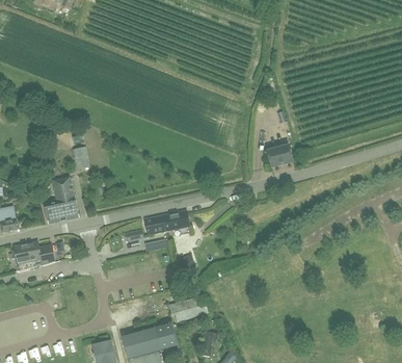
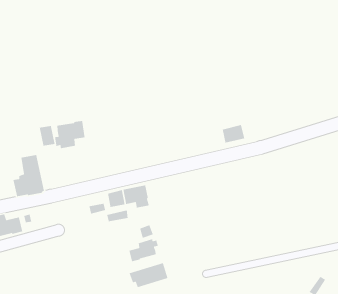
building: none -> [54,120,86,149]
building: none -> [129,238,159,262]

